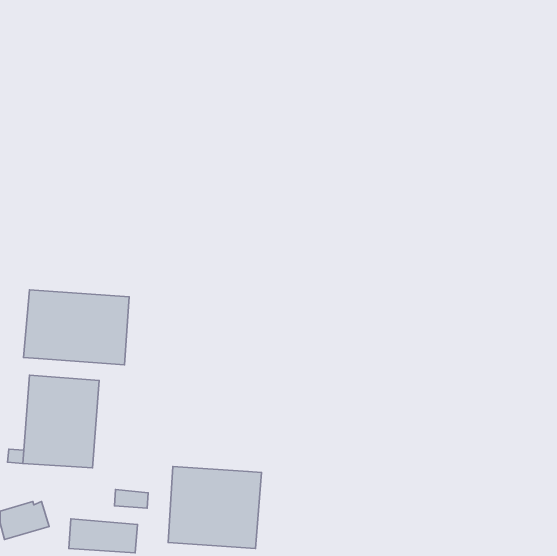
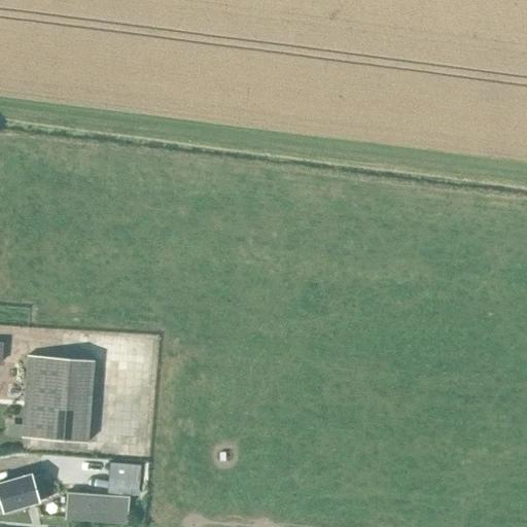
building: [23,290,129,365] -> none
building: [168,466,261,548] -> none

